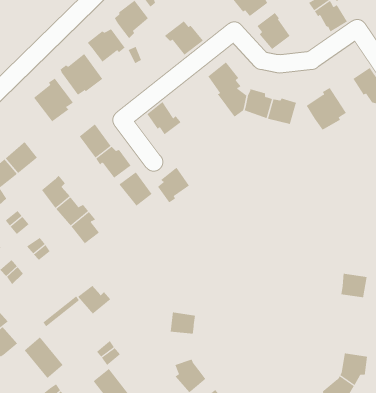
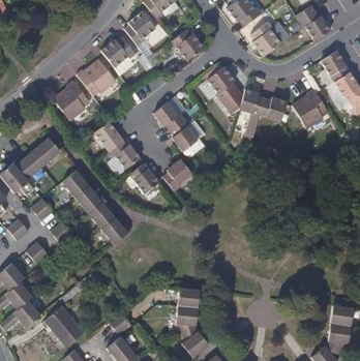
building: none -> [324,50,352,81]
building: none -> [170,119,198,151]
building: [341,273,368,298] -> [329,304,353,326]
building: [77,285,111,314] -> [99,216,129,242]
building: none -> [173,304,196,333]

